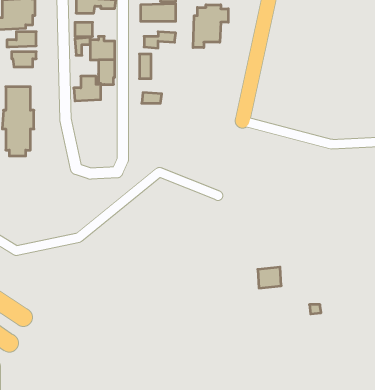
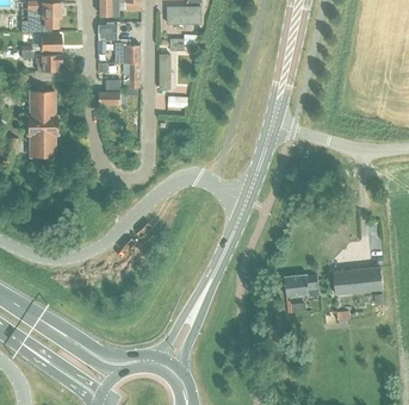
building: [193,5,228,48] -> none
building: none -> [333,267,383,294]

